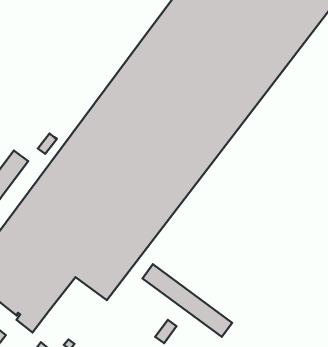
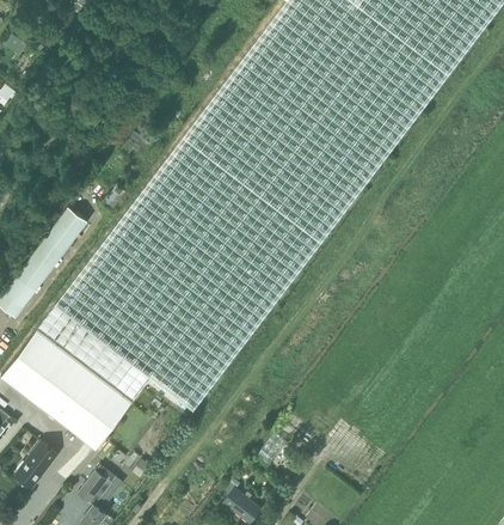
building: [142,264,232,337] -> none

